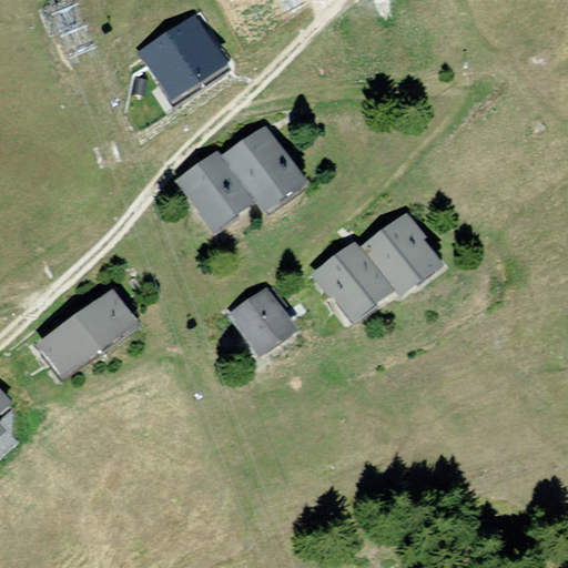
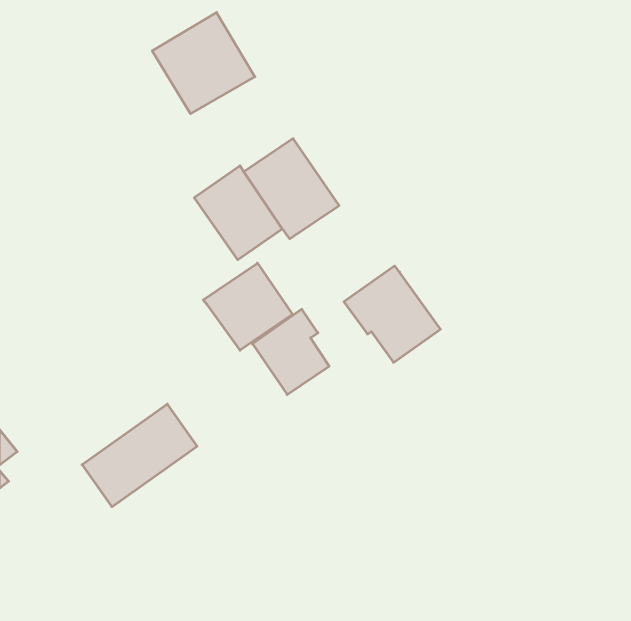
building: [358,210,446,302] -> none
building: none -> [203,263,292,350]
building: [34,292,138,384] -> [82,404,197,507]

